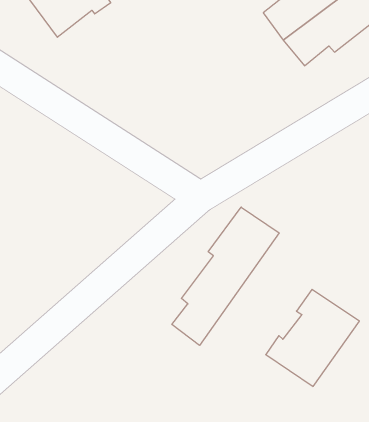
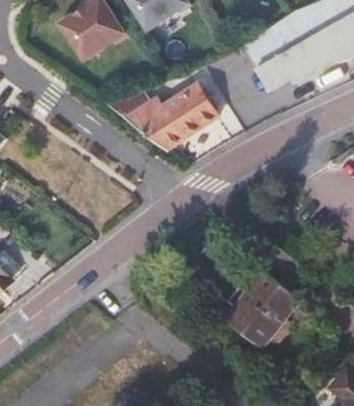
building: none -> [126,83,217,147]
building: [172,207,279,345] -> none

